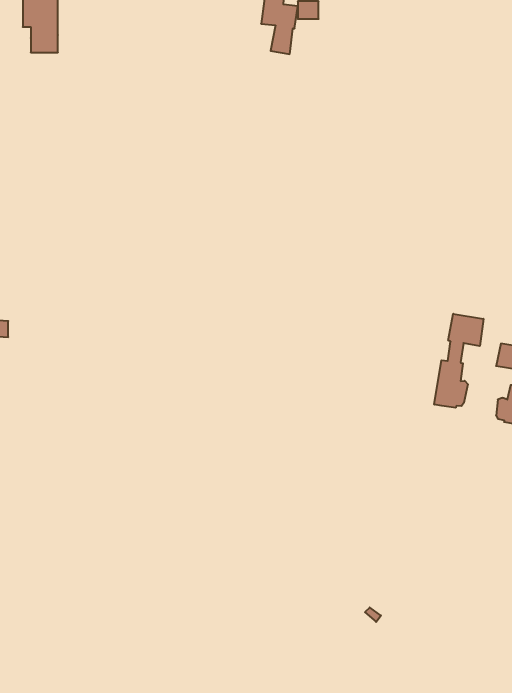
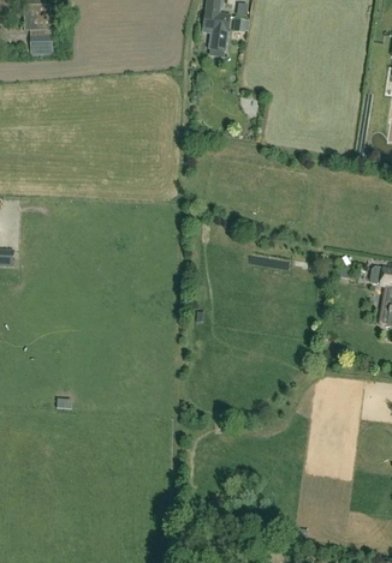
building: [434,314,483,408] -> none

